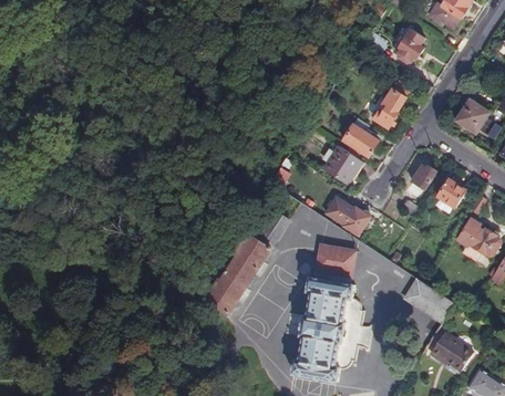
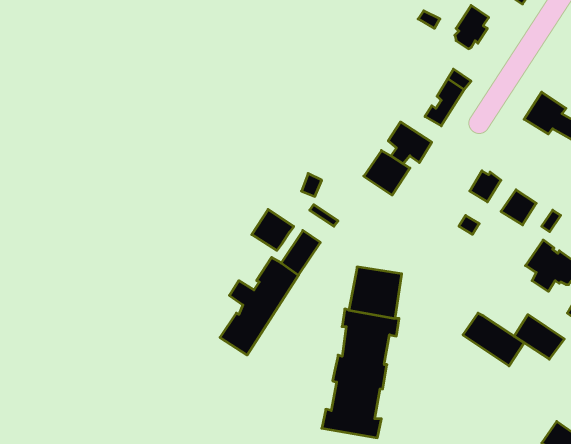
building: none -> [252,209,294,250]
building: [324,196,369,235] -> none
building: [432,332,473,368] -> [514,315,564,359]

